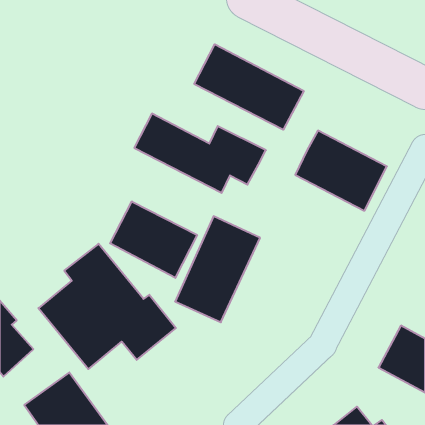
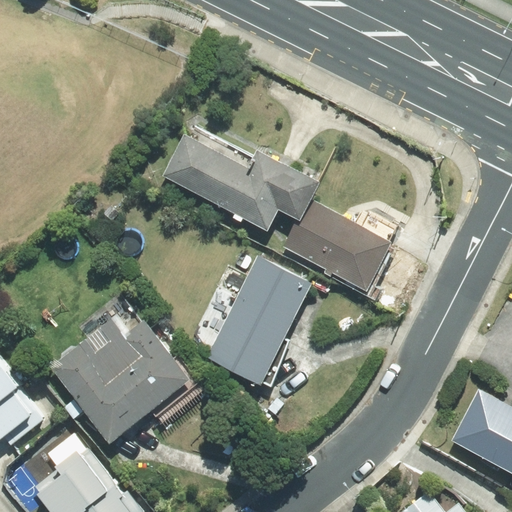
building: [194,44,304,130] -> none
building: [295,131,387,211] -> [283,197,393,293]
building: [110,201,197,278] -> none

